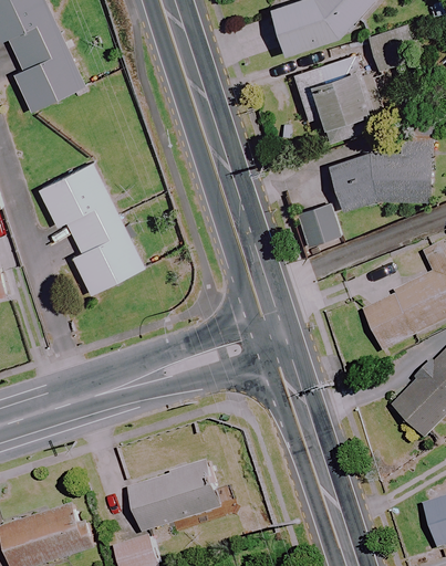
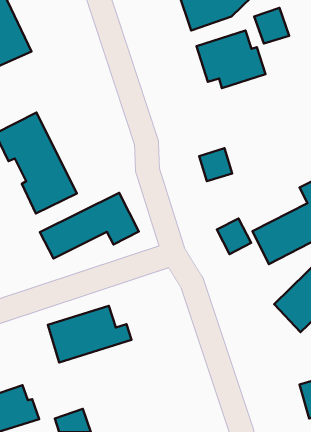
building: [328,147,429,208] -> none
building: none -> [40,193,139,259]
building: none -> [217,218,251,254]
building: [128,461,235,533] -> [48,306,132,362]

